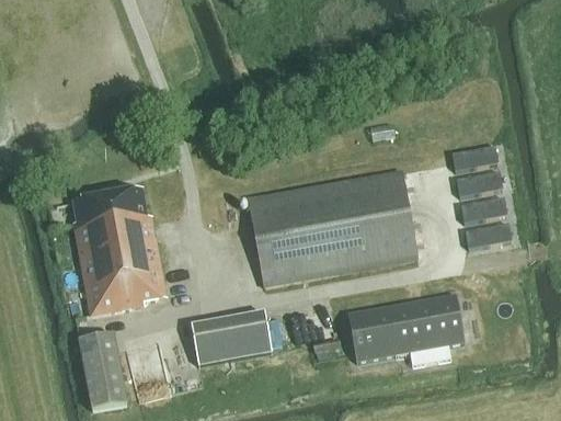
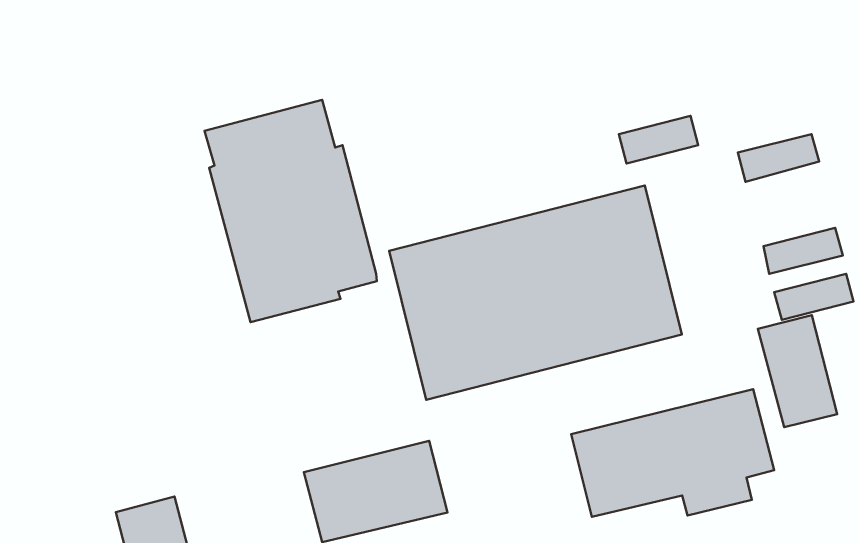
building: [462,173,508,198] -> [619,116,698,163]
building: [71,186,165,314] -> [205,100,377,322]
building: none -> [758,315,837,427]

